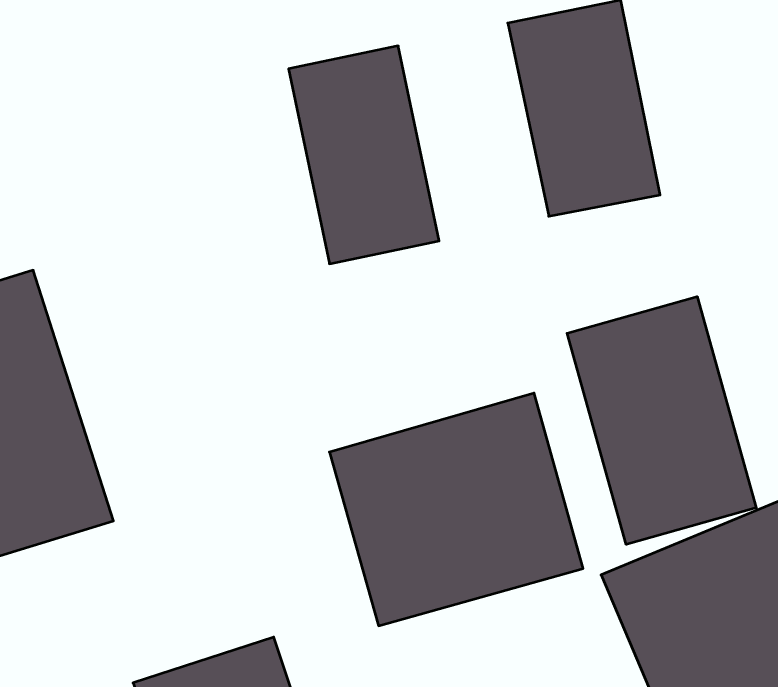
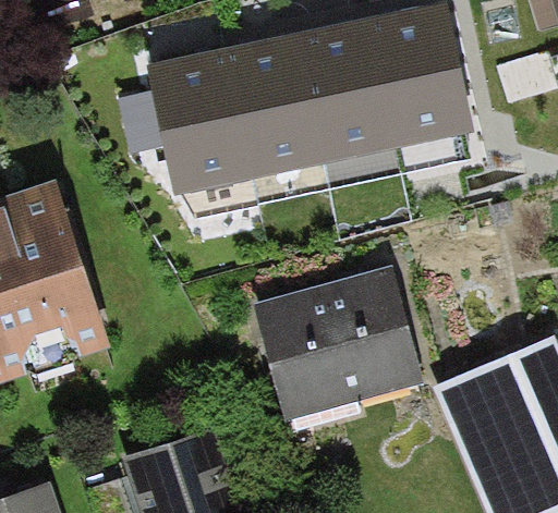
building: none -> [299,19,399,163]
building: none -> [148,49,253,195]
building: [567,297,756,544] -> none

